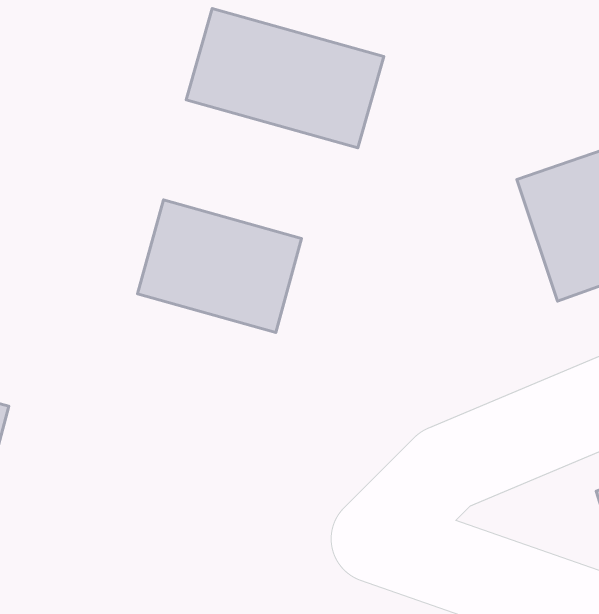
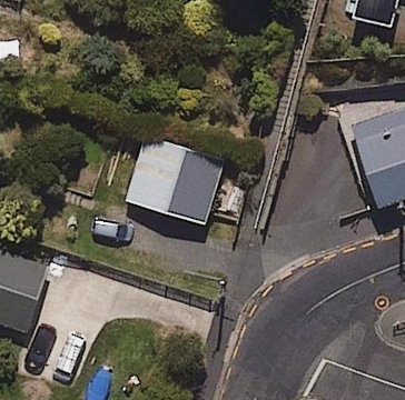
building: [186,8,384,148] -> none

